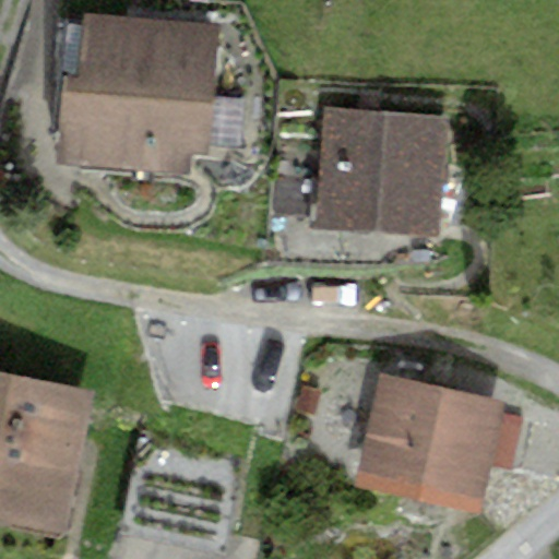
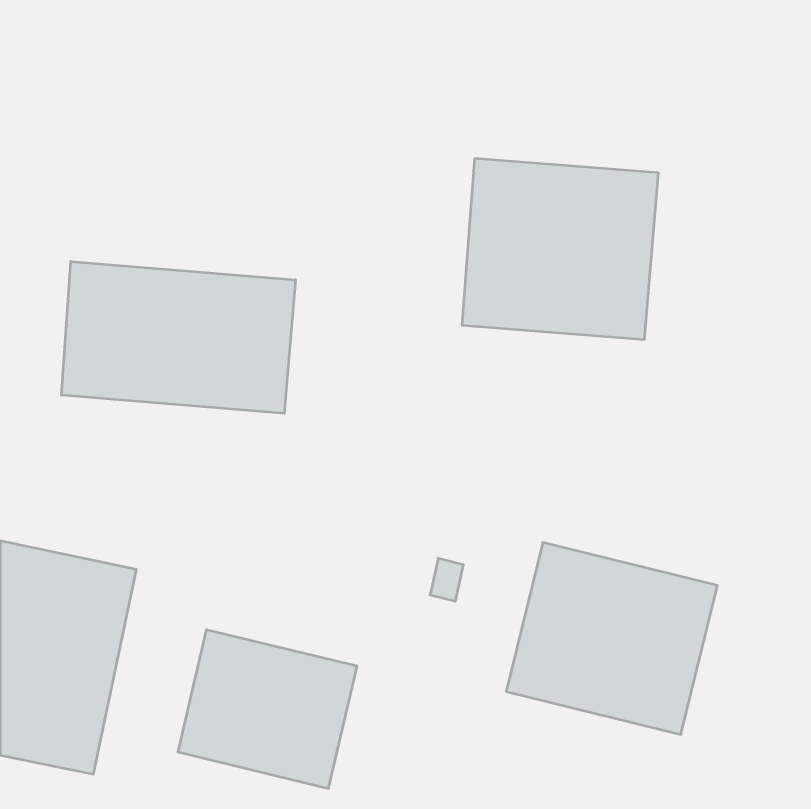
building: [57,14,218,177] -> none
building: none -> [61,261,295,413]

